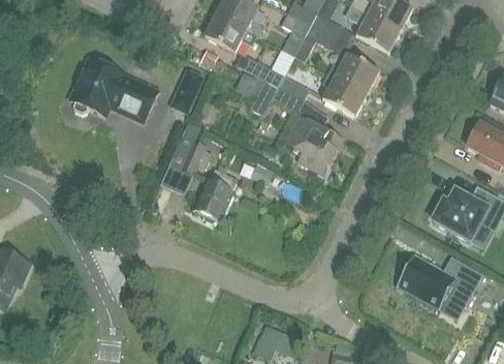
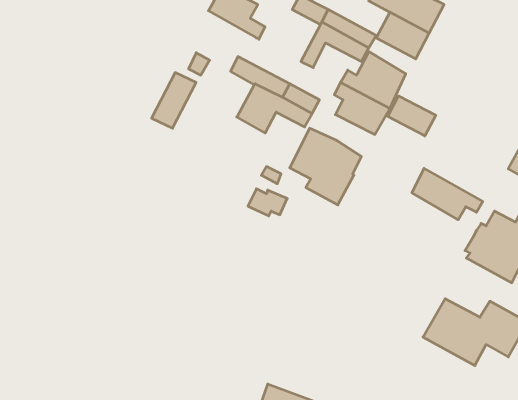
building: [280,12,310,56] -> none
building: [204,13,256,53] -> none
building: [70,58,157,121] -> none
building: none -> [388,96,436,136]
building: [152,120,211,204] -> none
building: none -> [412,168,483,220]
building: [193,169,237,221] -> none

